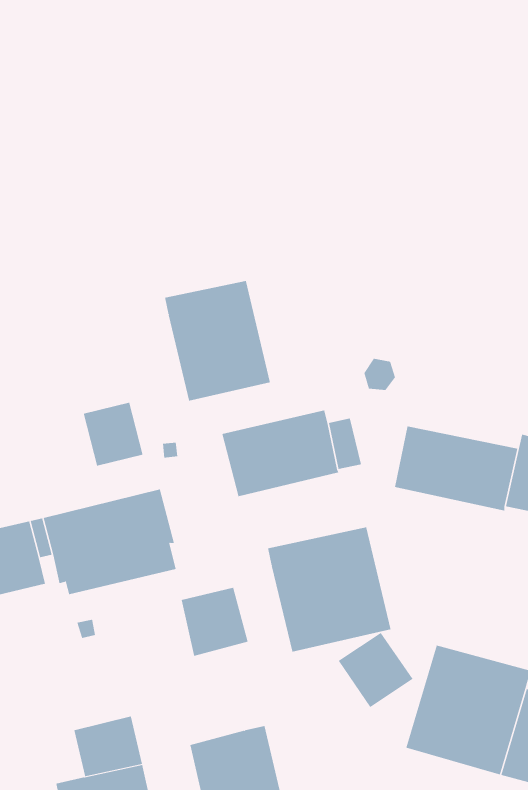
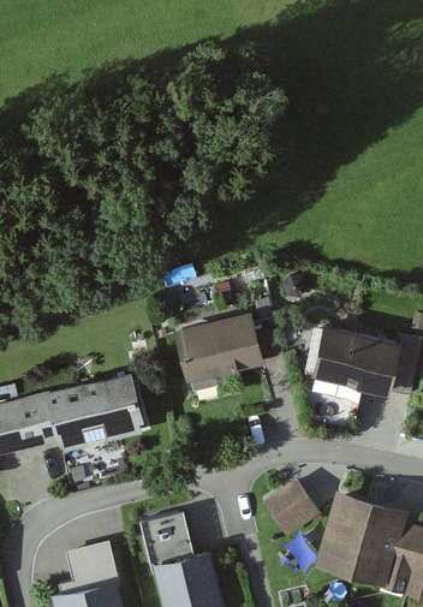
building: [164,280,271,401] -> none
building: [83,402,143,466] -> none
building: [268,527,391,653] -> none
building: [181,587,248,656] -> [143,512,193,564]

